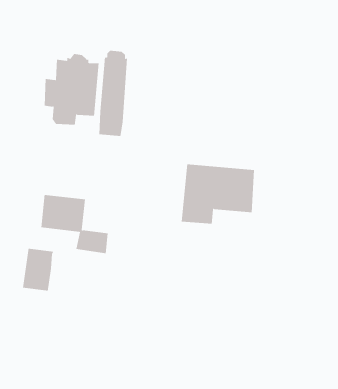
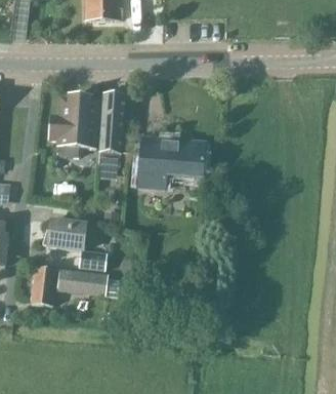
building: [181,164,255,224] -> [137,134,204,189]
building: none -> [56,268,108,294]

